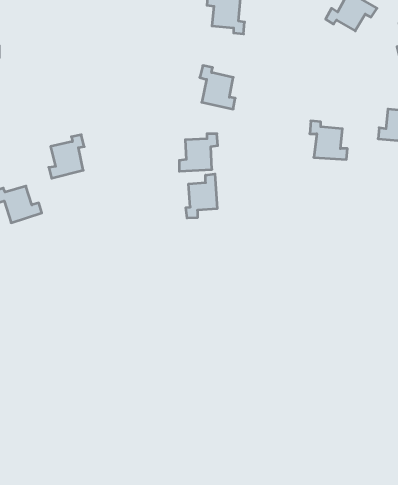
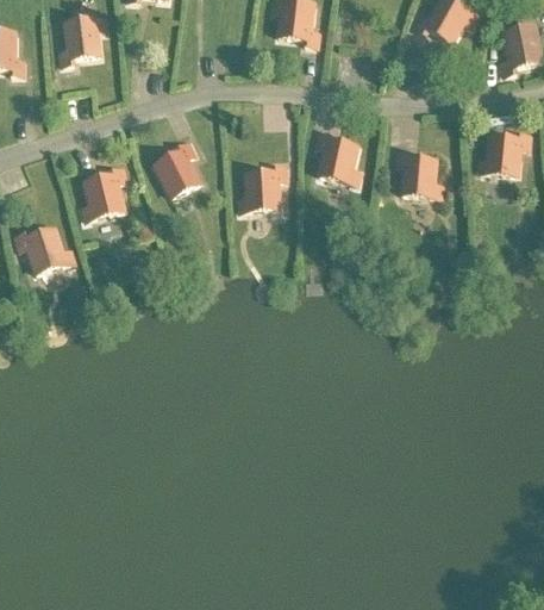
building: none -> [61,15,106,64]
building: [200,66,235,109] -> [317,130,359,182]
building: none -> [156,139,200,195]
building: [186,174,217,218] -> none

